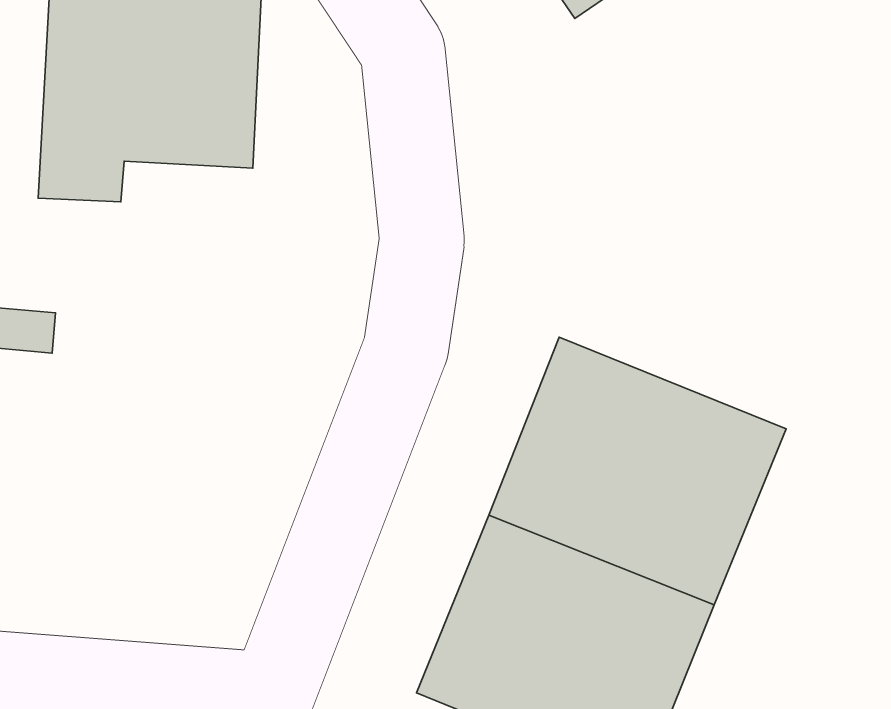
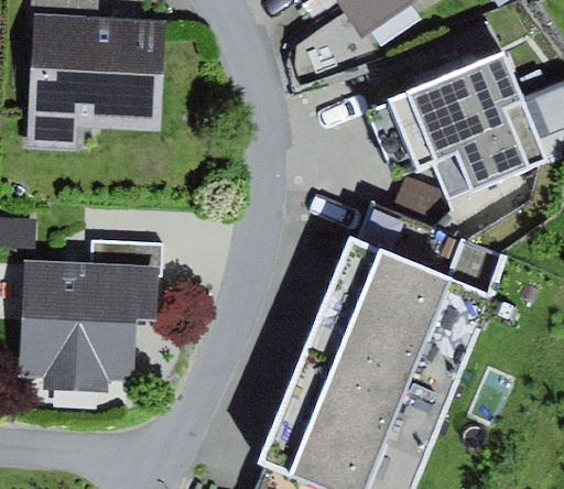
building: none -> [365,53,545,202]
building: none -> [21,240,161,392]

